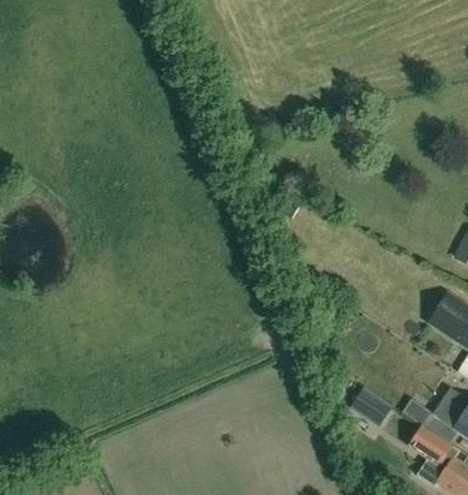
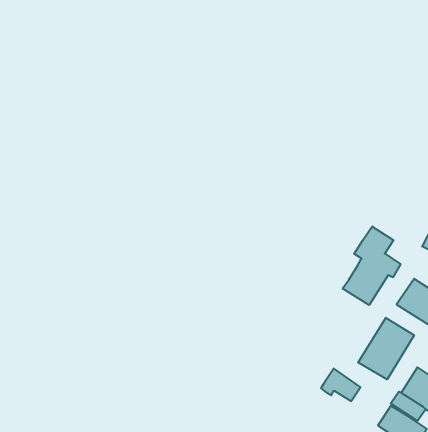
building: none -> [343,226,400,305]
building: none -> [358,318,414,379]

